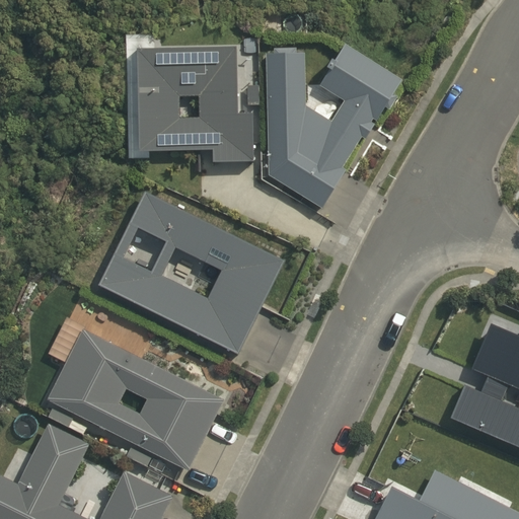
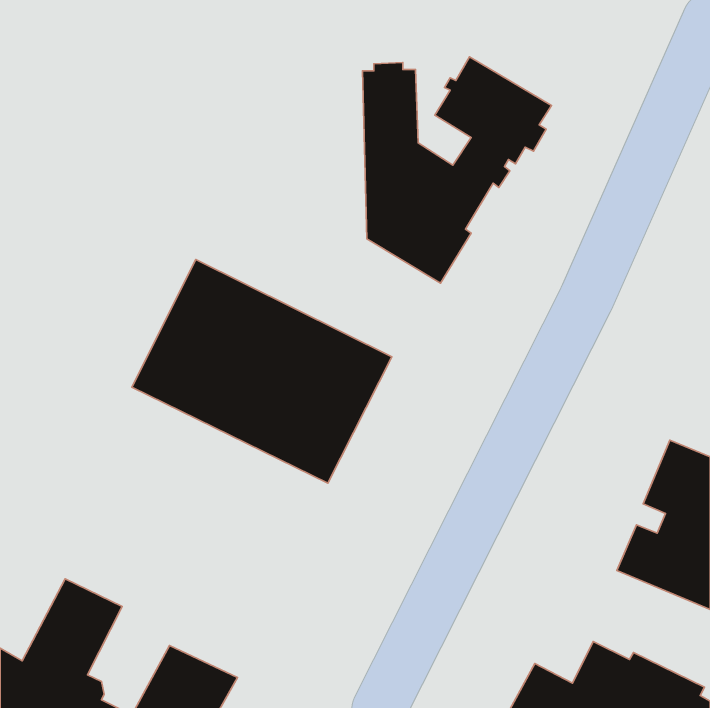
building: [135,46,255,162] -> none
building: [46,329,224,471] -> none

